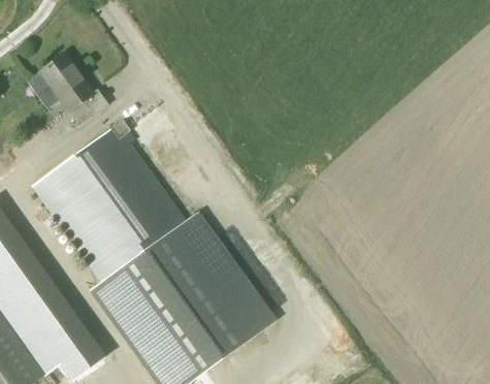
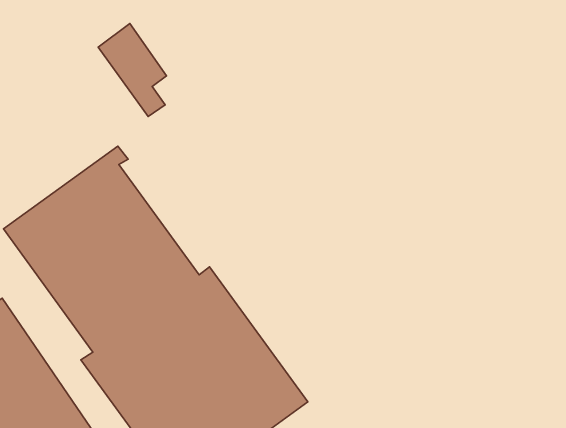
building: [40,56,94,129] -> [98,23,167,117]

